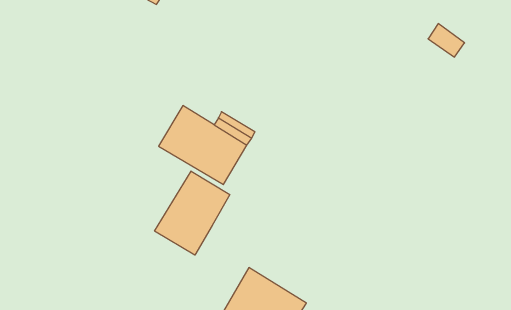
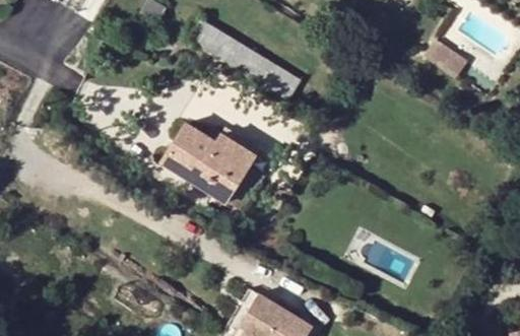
building: none -> [190,24,301,103]
building: [155,171,230,255] -> none

